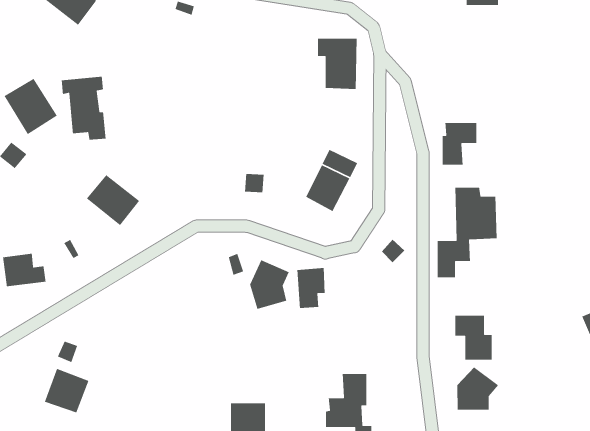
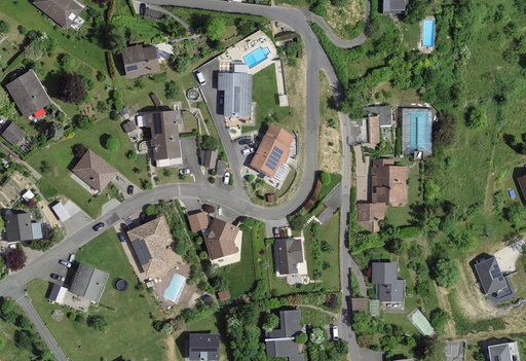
building: [317,38,358,90] -> [218,73,251,115]
building: none -> [121,45,159,77]
building: [61,76,106,141] -> [145,111,182,164]
building: none -> [126,217,171,275]
building: [297,267,326,309] -> [277,240,301,274]
building: [456,367,499,410] -> none
building: [44,368,90,414] -> [70,263,107,300]

